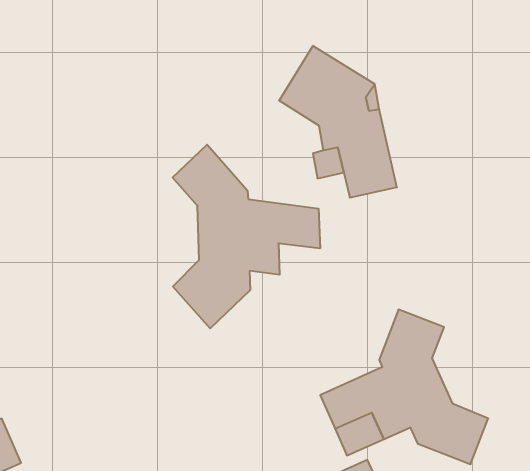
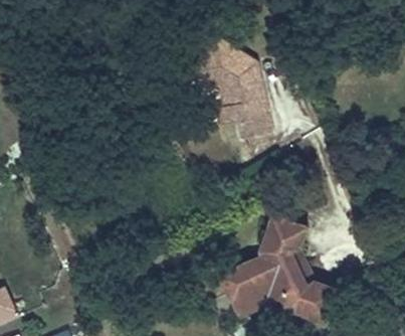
building: [173,145,320,328] -> none

